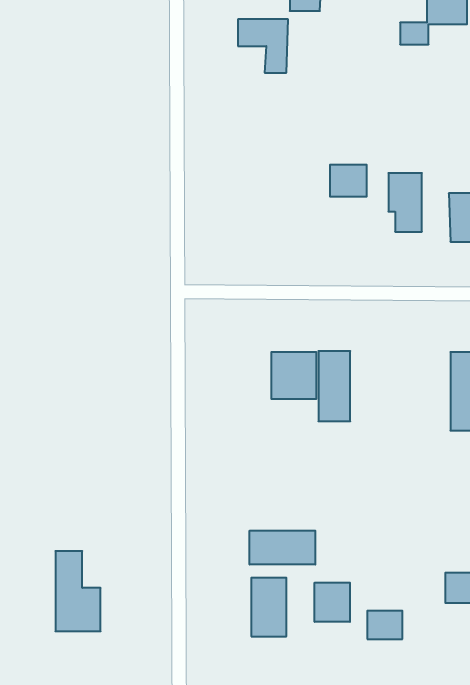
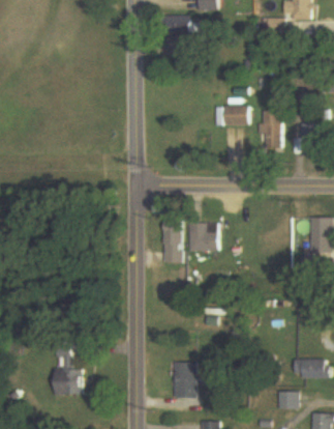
building: [318,351,350,421] -> [160,220,180,263]
building: [250,531,315,565] -> none
building: [315,583,350,622] -> none
building: [367,611,402,639] -> [278,391,300,408]

